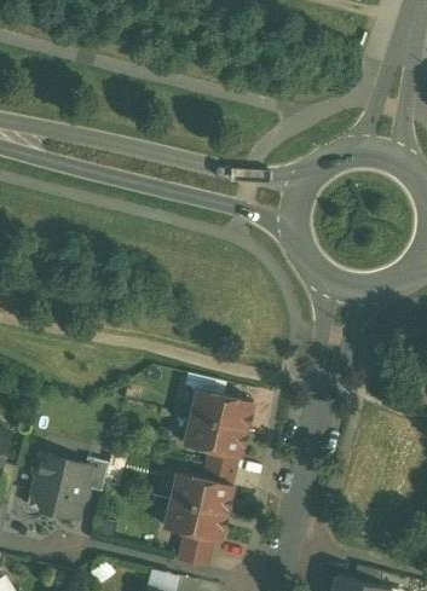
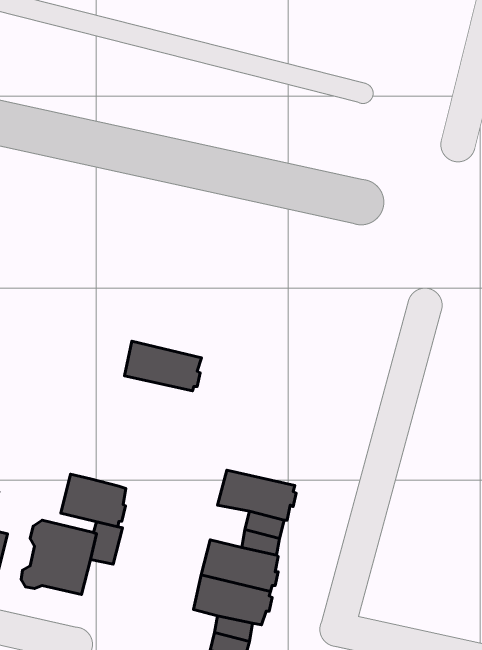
building: [191,388,253,428] -> [124,341,202,391]
building: none -> [61,474,126,527]

